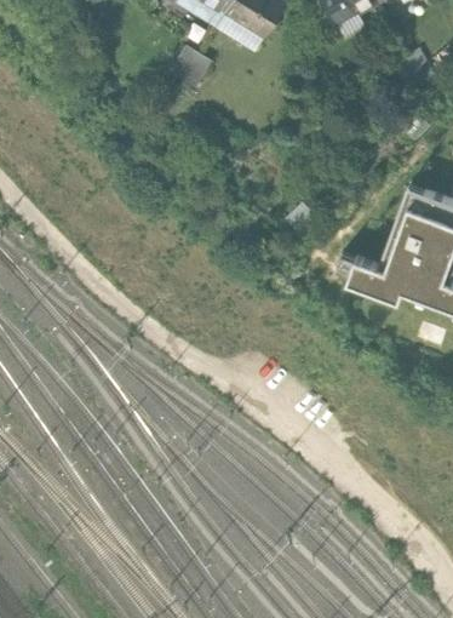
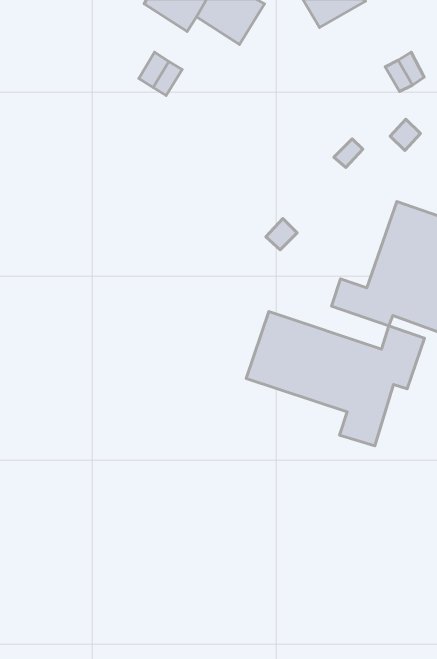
building: none -> [246,311,425,446]

